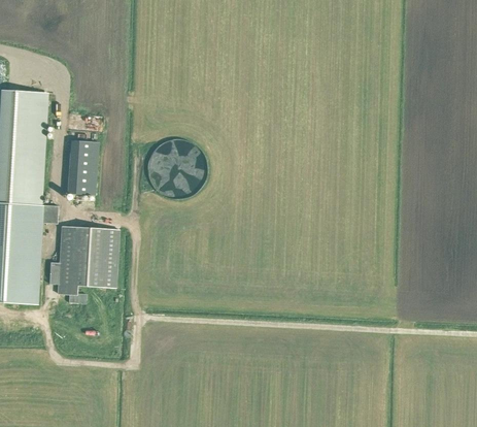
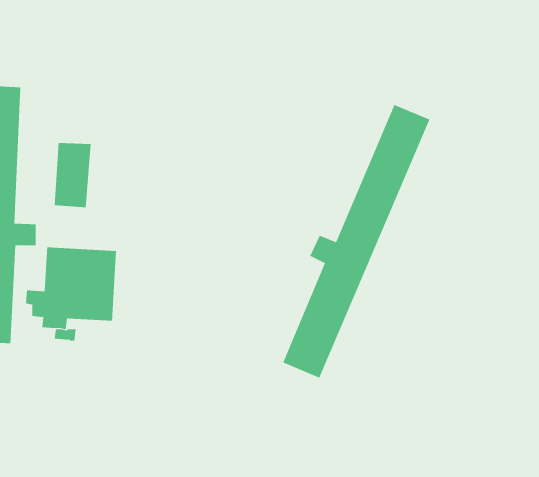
building: none -> [282,104,430,378]
building: [146,137,208,199] -> none

